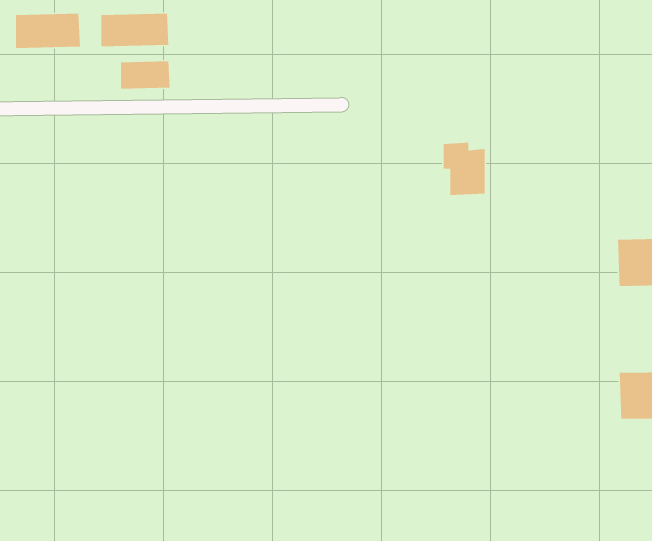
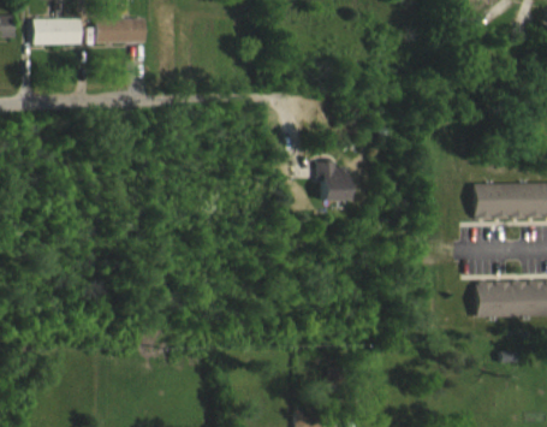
building: [120,61,171,90] -> none
building: [443,142,486,196] -> [317,161,349,201]

